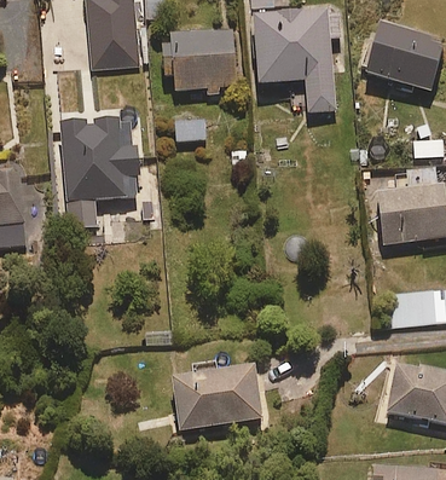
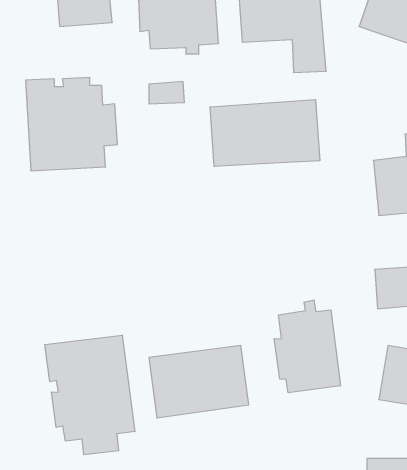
building: none -> [210,99,320,167]
building: none -> [274,300,340,393]
building: none -> [45,335,135,455]

